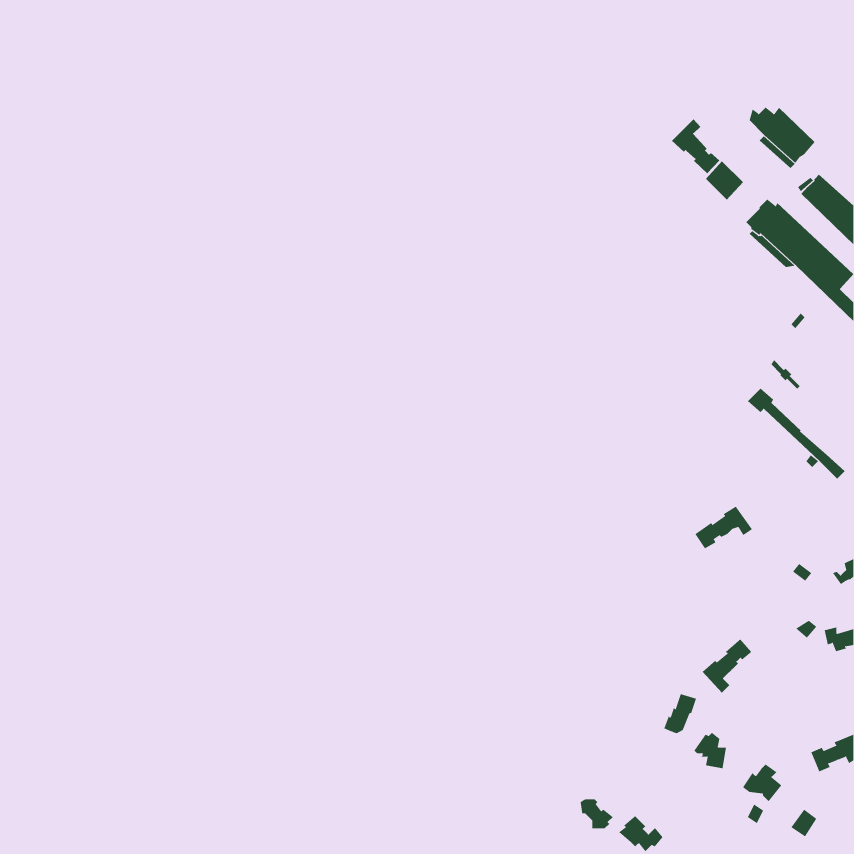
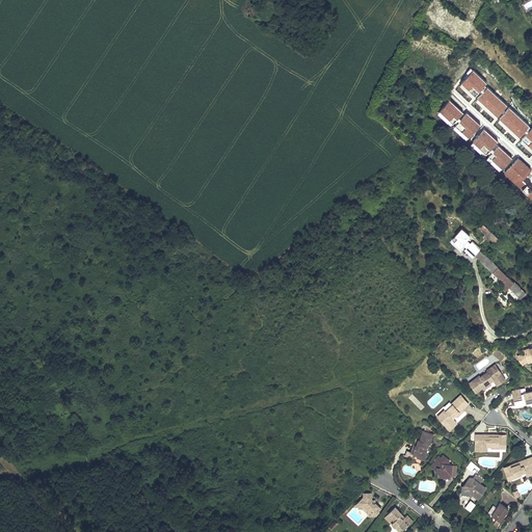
building: [671,119,720,174] -> none
building: [694,506,753,549] -> [469,366,505,393]
building: none -> [475,435,506,451]

